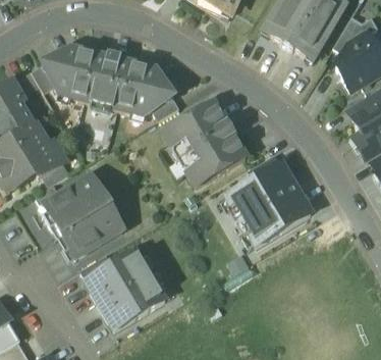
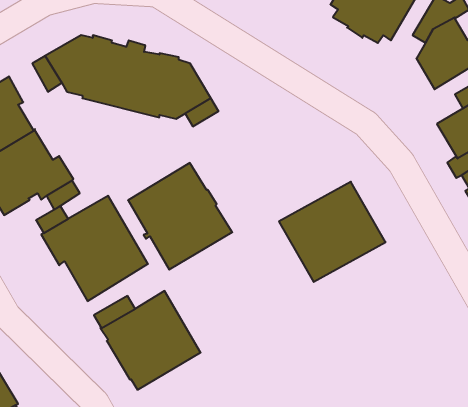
building: [164,101,247,186] -> [128,163,232,270]

